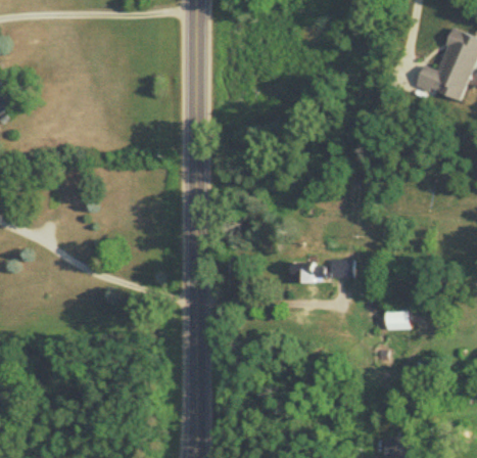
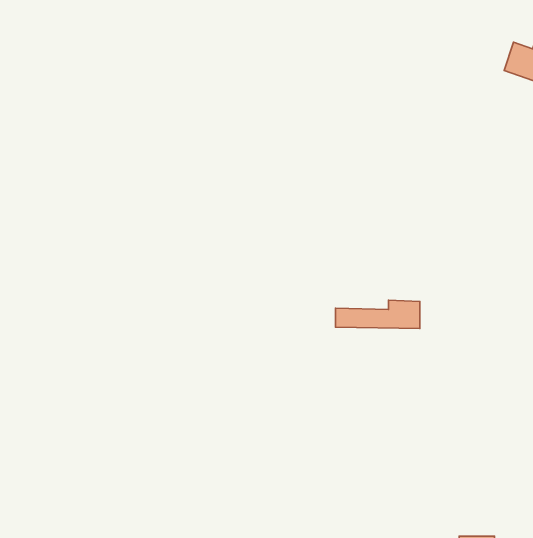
building: [385,306,409,330] -> none

